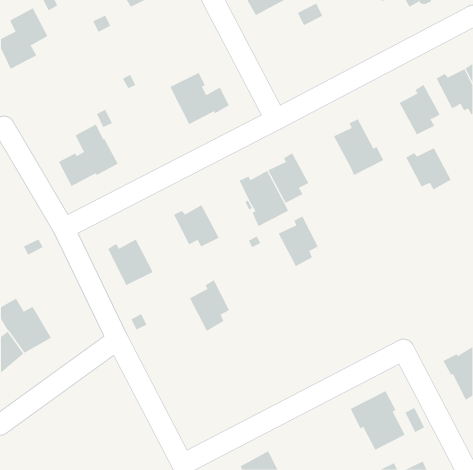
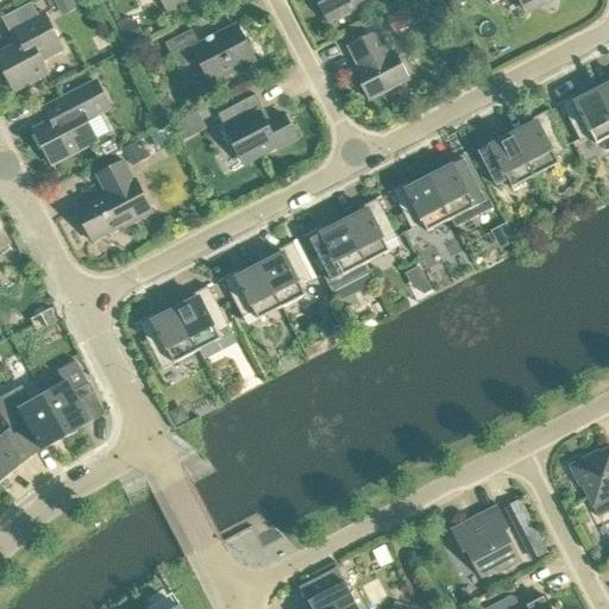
building: none -> [164,23,255,82]
building: none -> [347,29,408,98]
building: none -> [33,80,108,162]
building: none -> [391,175,451,230]
building: [405,147,452,190] -> [476,132,535,187]
building: [278,216,318,267] -> [259,240,312,306]
building: none -> [43,358,106,434]
building: [189,280,230,331] -> [175,283,227,350]

